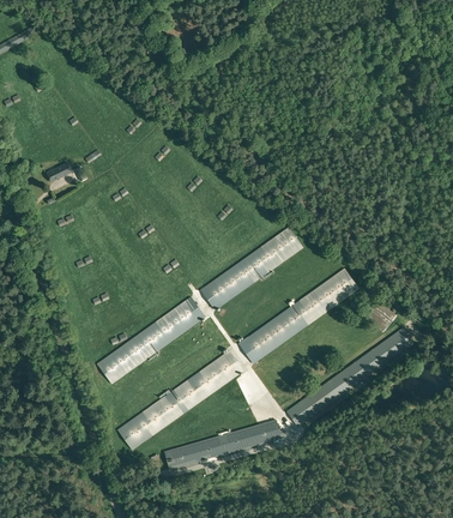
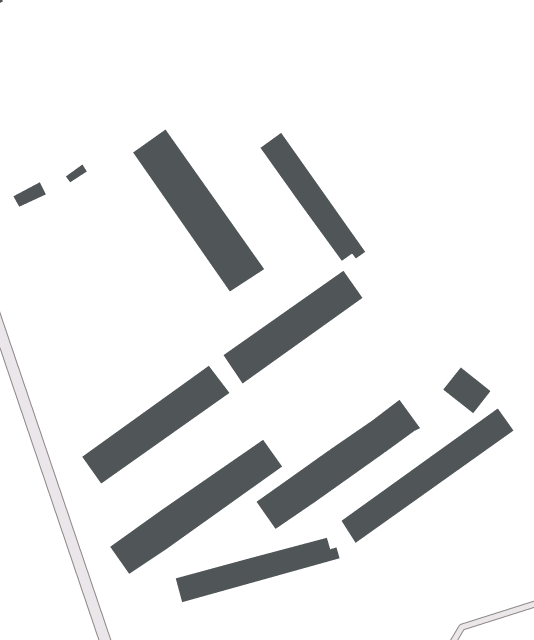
building: none -> [132,128,265,293]
building: none -> [259,132,366,262]
building: [238,267,360,363] -> [255,399,421,530]

